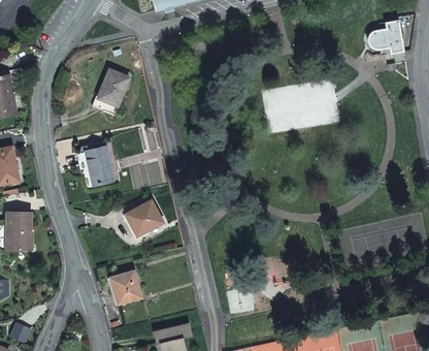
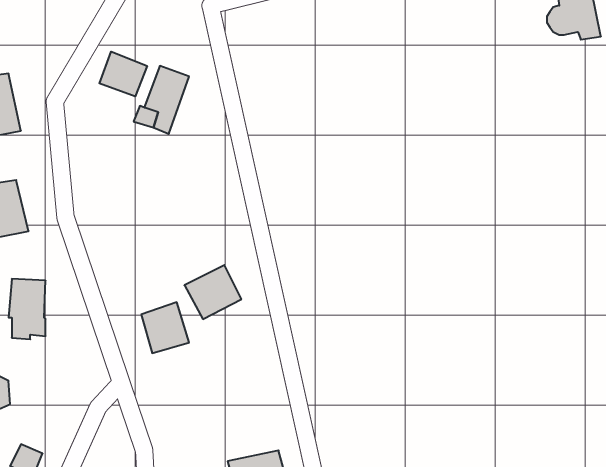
building: none -> [99,52,147,97]
building: [79,149,116,189] -> none
building: [110,272,142,306] -> [141,302,189,353]

